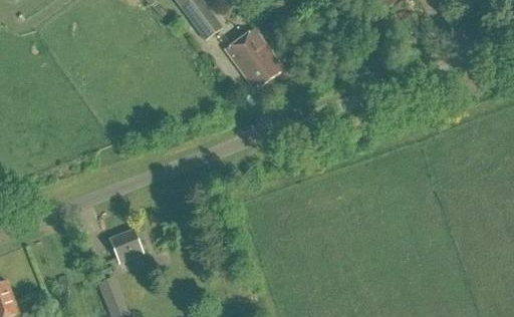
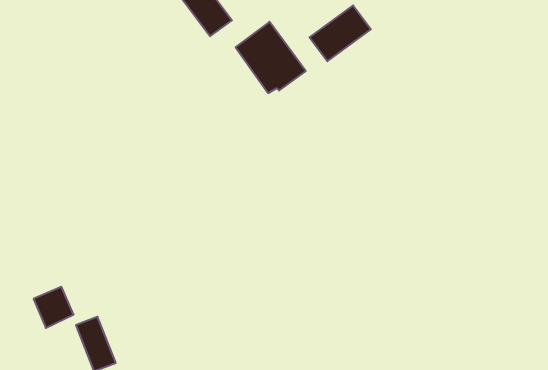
building: none -> [310,5,371,61]
building: [110,231,144,265] -> [34,287,74,328]

